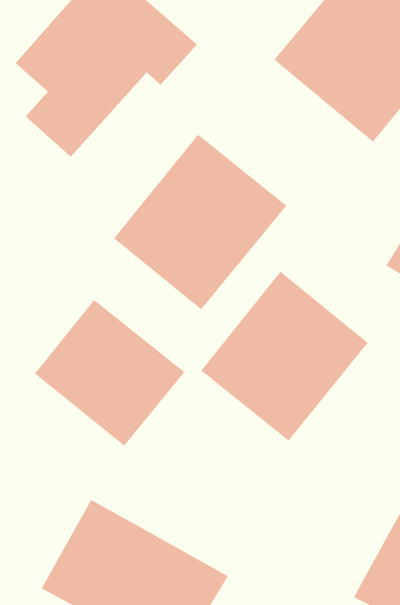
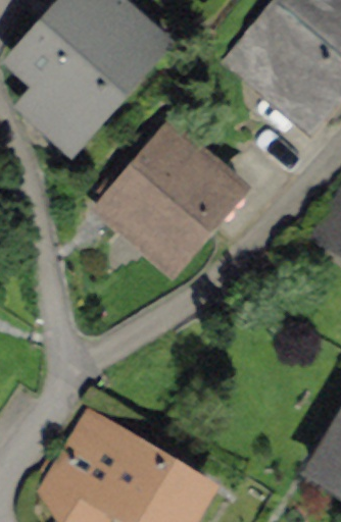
building: [200,271,369,441] -> none
building: [34,299,185,446] -> none

